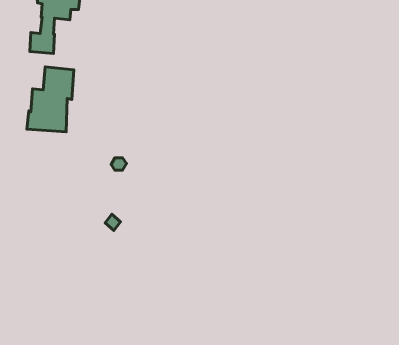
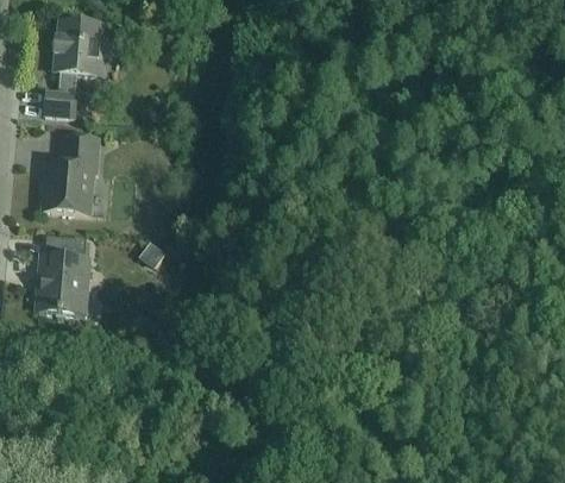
building: none -> [36,236,89,314]

